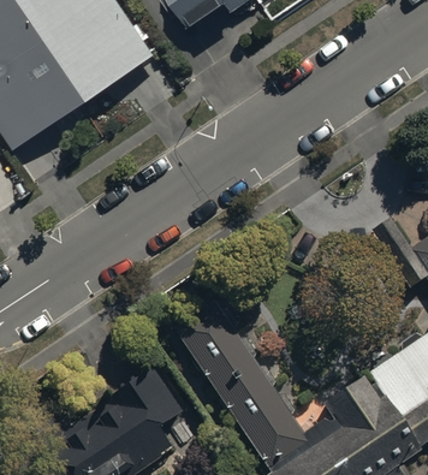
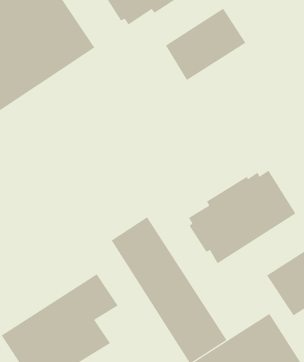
building: none -> [165,8,246,81]
building: none -> [188,170,296,264]

